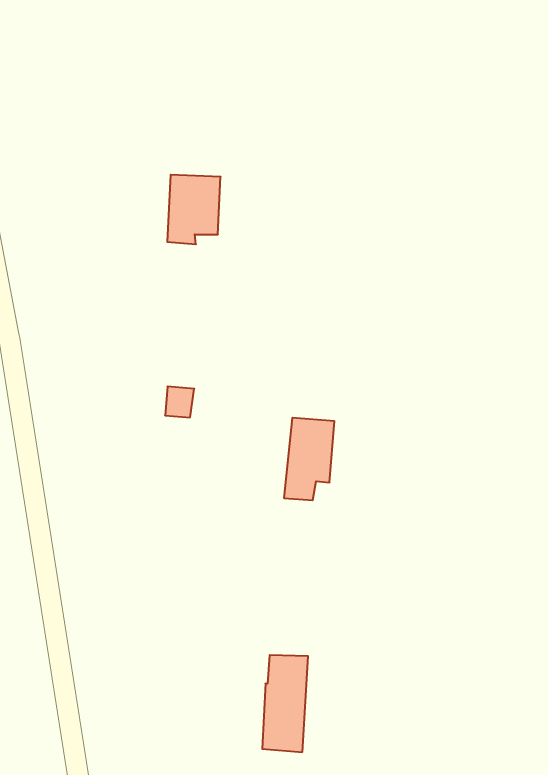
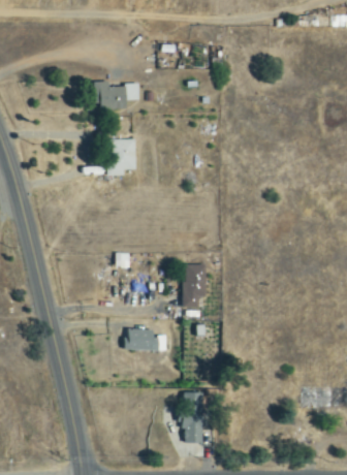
building: none -> [93,82,139,109]
building: none -> [124,329,166,351]

